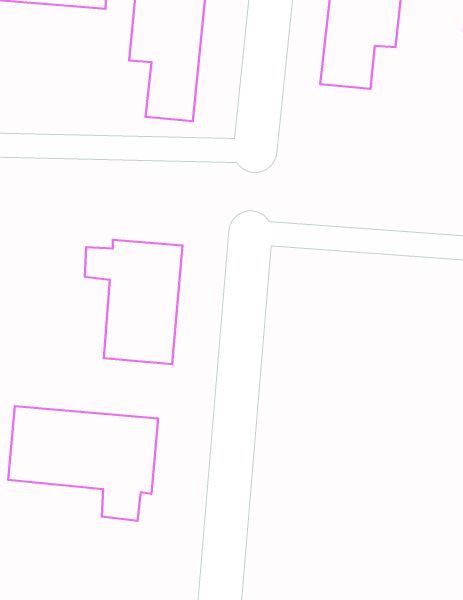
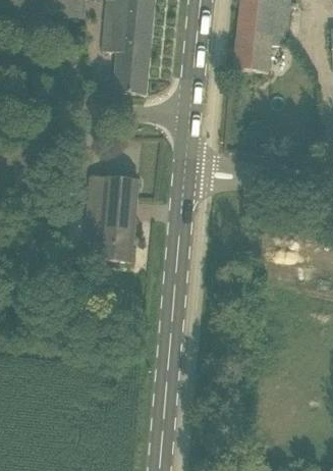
building: [8,406,158,521] -> none

